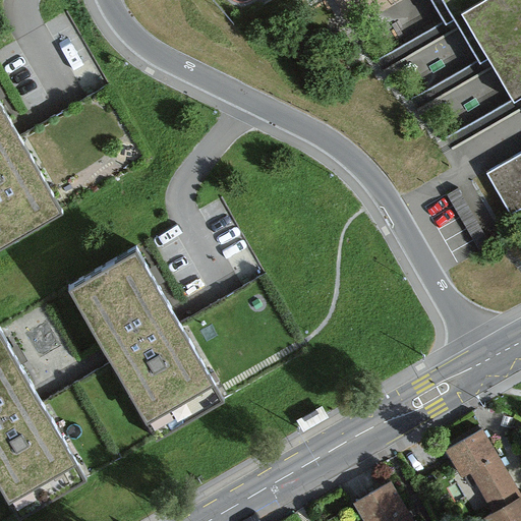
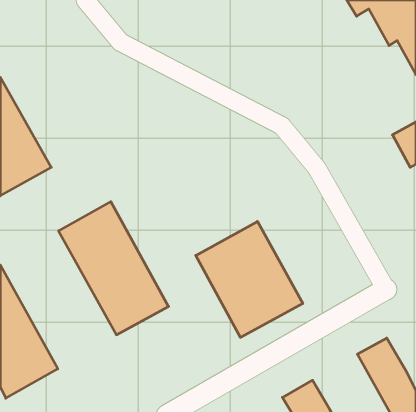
building: none -> [196,221,303,337]

